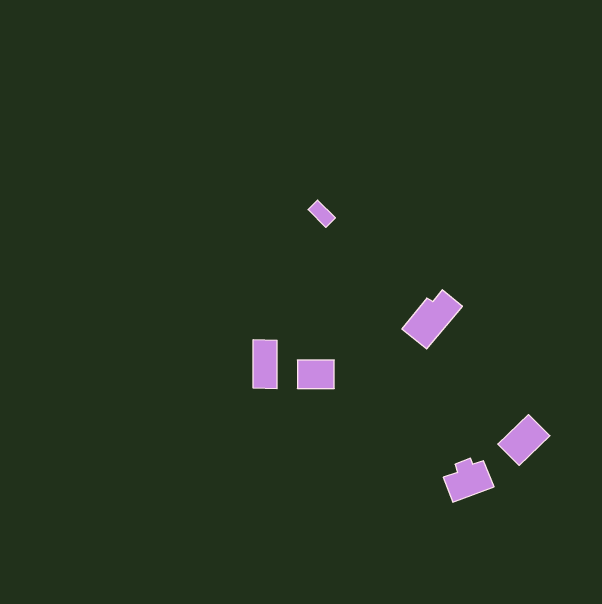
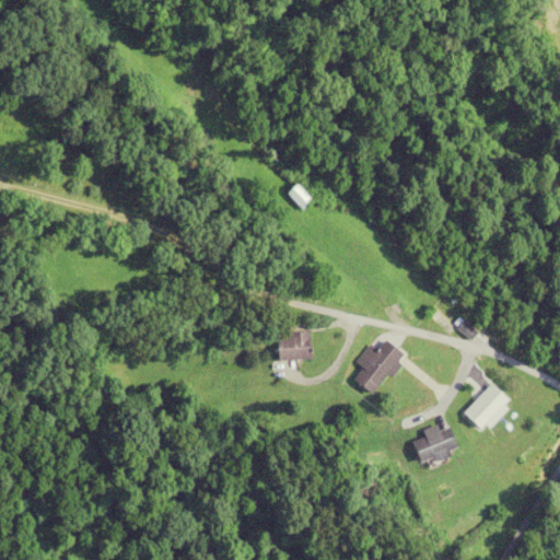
building: [402,290,462,349] -> [350,339,406,394]
building: [253,340,277,389] -> none

